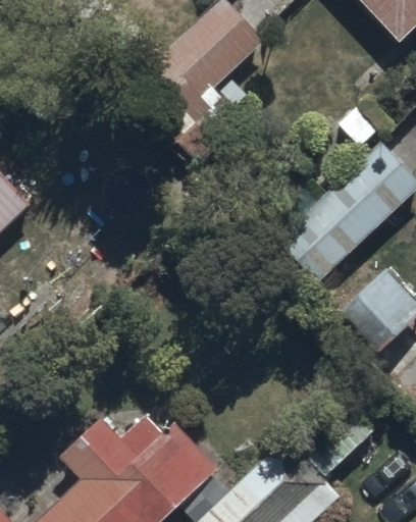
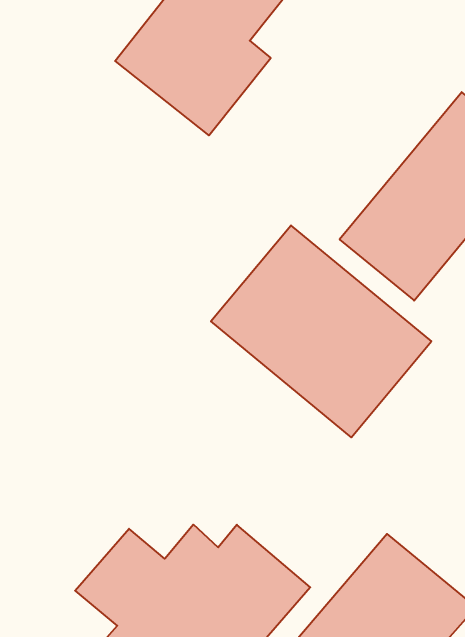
building: none -> [211,225,431,437]

